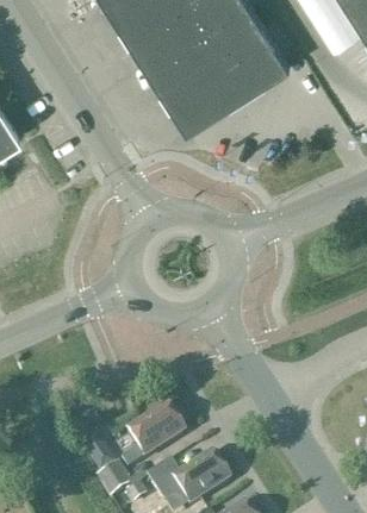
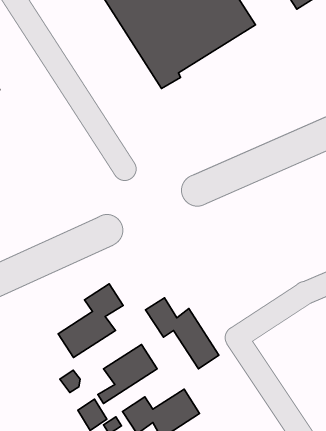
building: none -> [58,284,123,357]
building: none -> [146,298,219,369]

